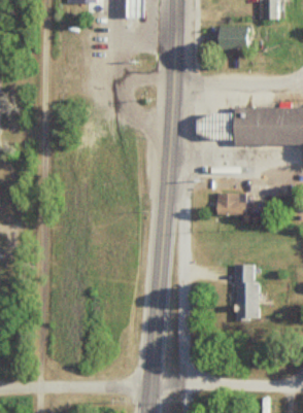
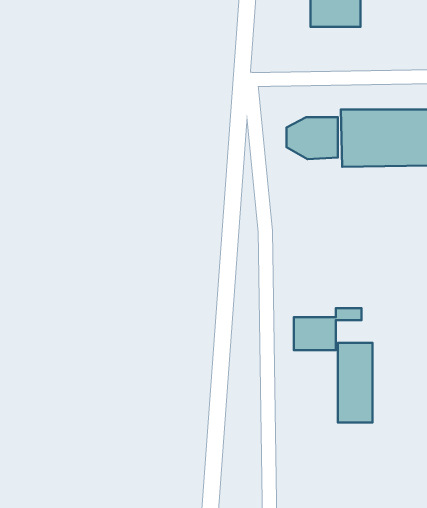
building: [217,187,264,216] -> [294,308,362,350]

